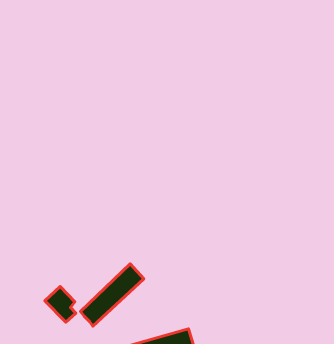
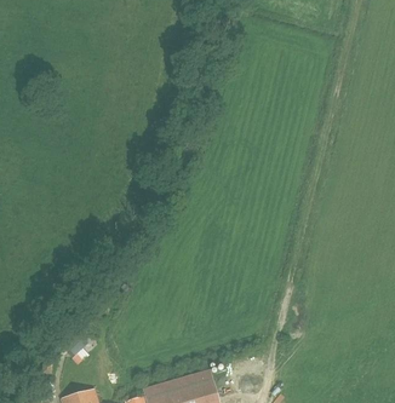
building: [80,264,144,326] -> none

